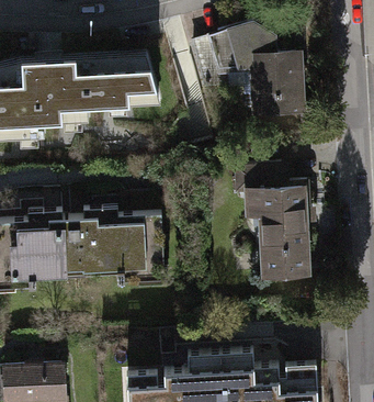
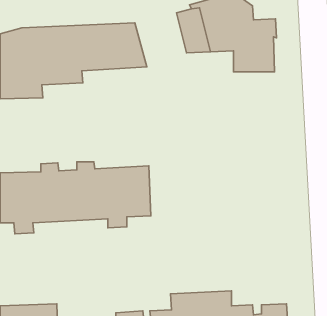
building: [237,164,309,276] -> none

